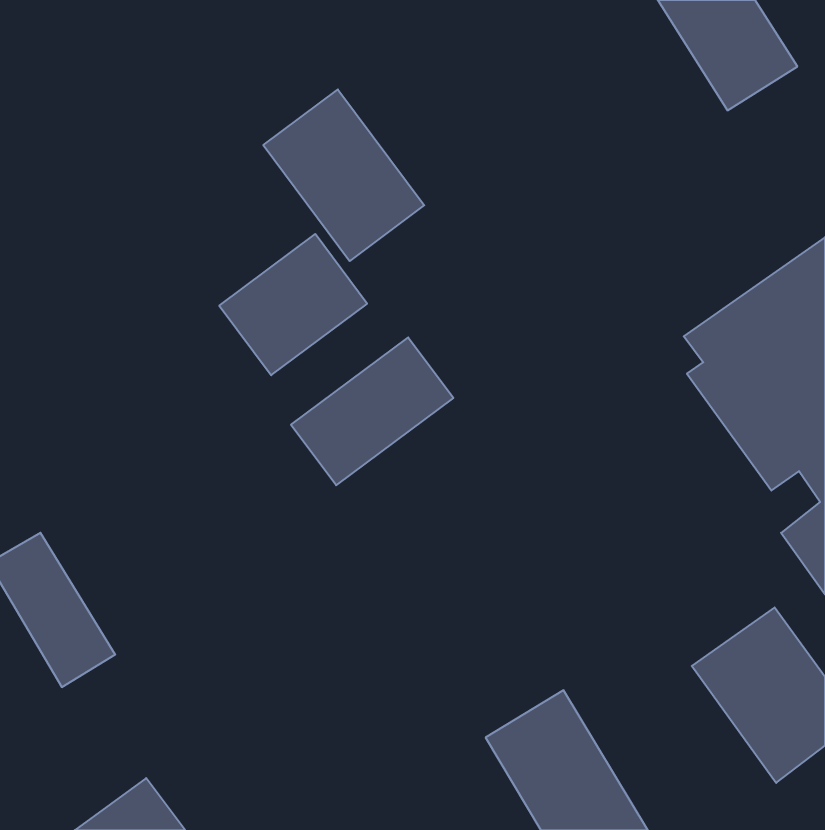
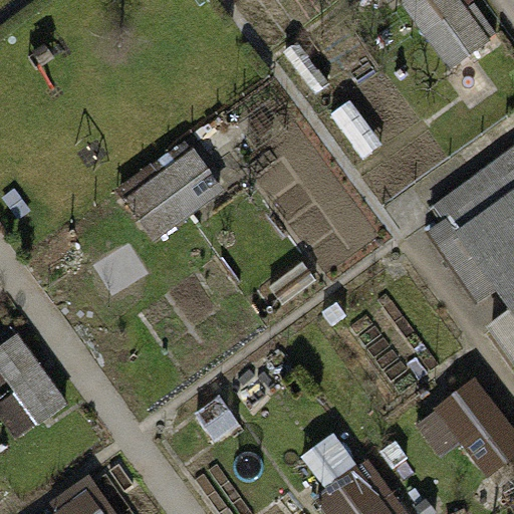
building: [263,89,424,261] -> none
building: [291,337,453,485] -> none

